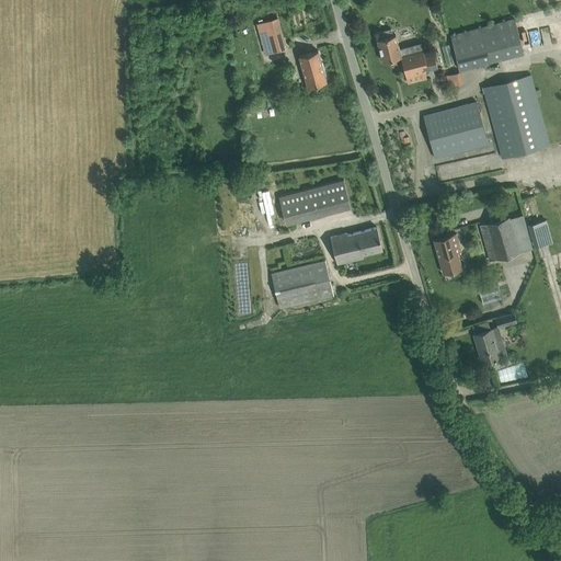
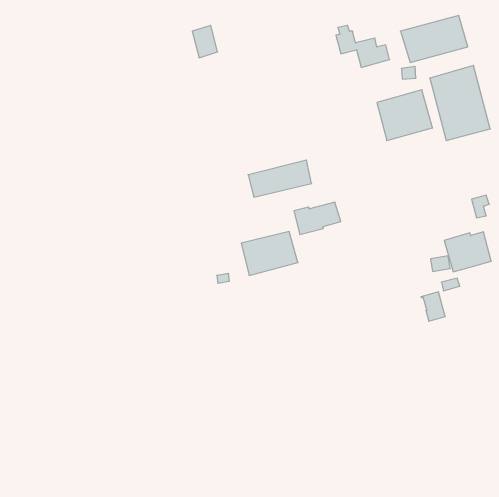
building: [256,20,285,56] -> [192,25,218,58]
building: [298,53,325,89] -> none
building: [479,216,531,261] -> [444,232,491,272]
building: [433,236,462,275] -> none

